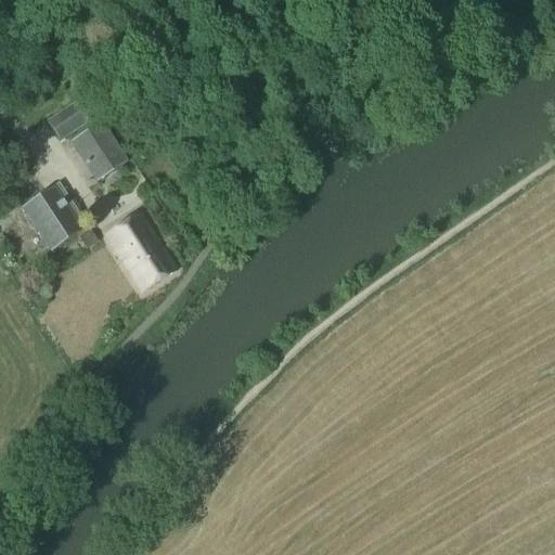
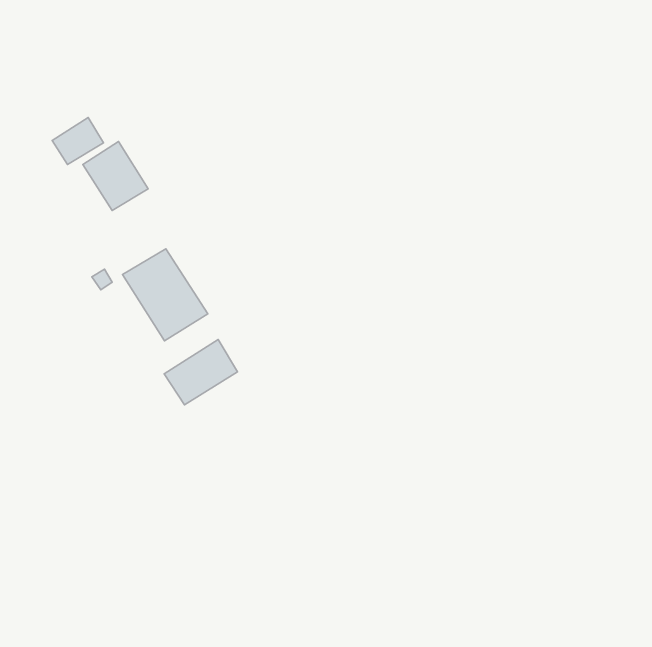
building: [21,181,86,249] -> none
building: none -> [164,340,238,405]

